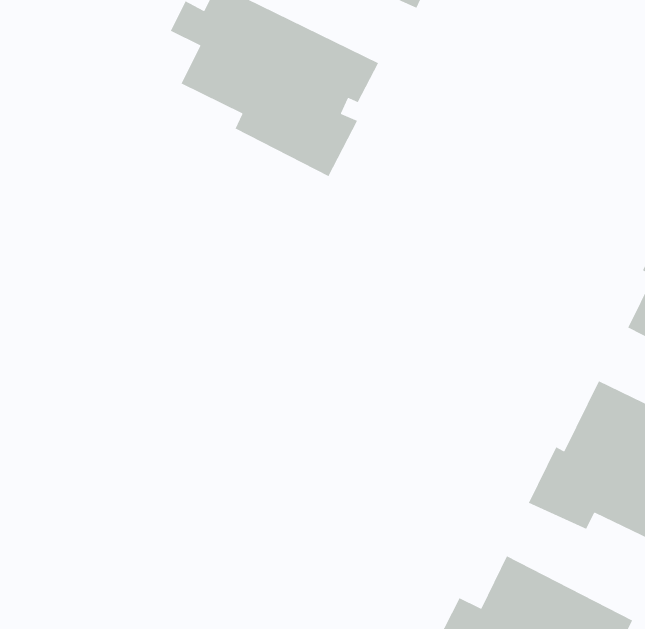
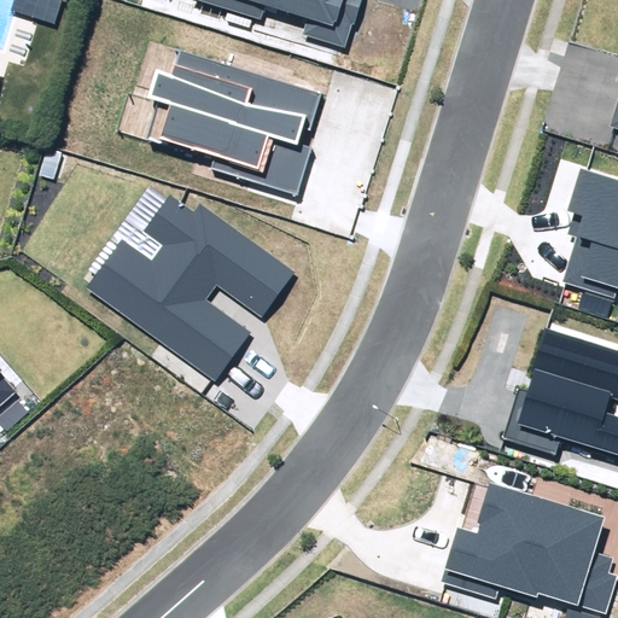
building: none -> [87,193,295,380]

